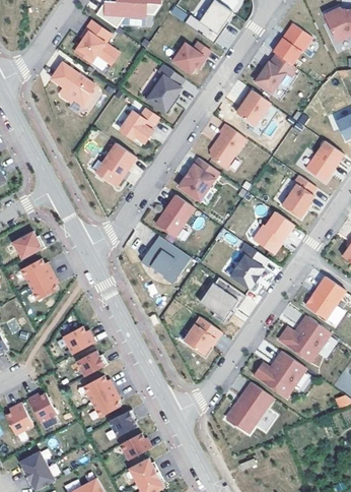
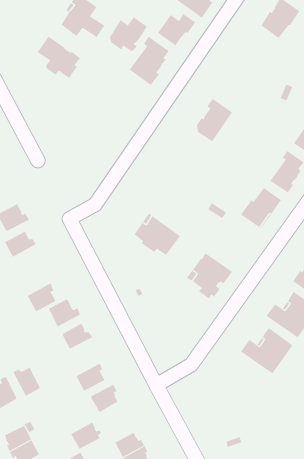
building: [255,54,296,94] -> none
building: [236,88,271,126] -> none
building: [121,107,159,141] -> [109,16,148,51]
building: [95,142,136,185] -> none
building: [179,158,219,200] -> none
building: [155,195,194,237] -> none
building: [230,244,268,290] -> none
building: [26,269,56,299] -> [27,283,56,312]
building: [183,317,221,355] -> none
building: [81,373,114,401] -> none
building: [224,383,272,434] -> none
building: [118,431,149,458] -> [70,422,102,449]

